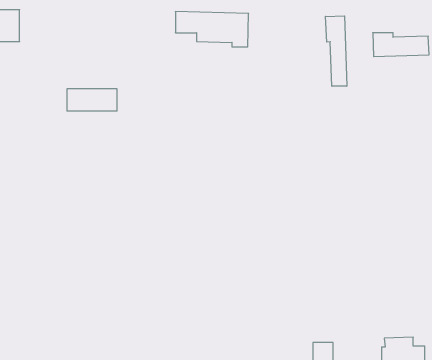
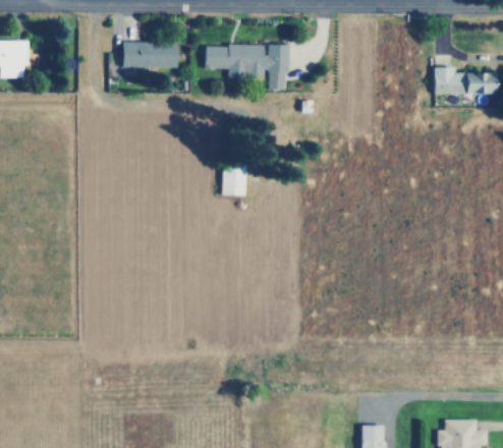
building: [325,16,347,86] -> none
building: [67,89,117,111] -> [121,43,179,68]
building: none -> [222,166,247,198]

